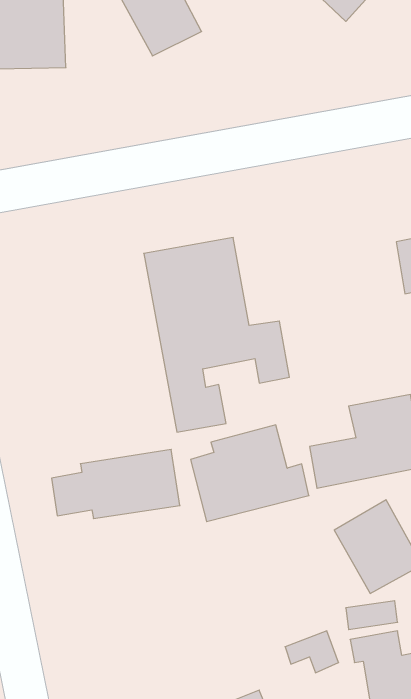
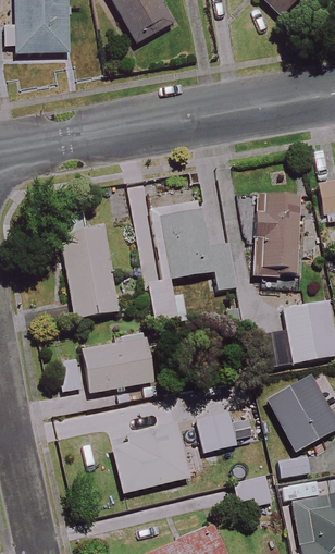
building: none -> [253,196,298,272]
building: none -> [61,226,117,318]
building: [191,425,309,522] -> [111,420,200,493]
building: none -> [196,411,236,452]

